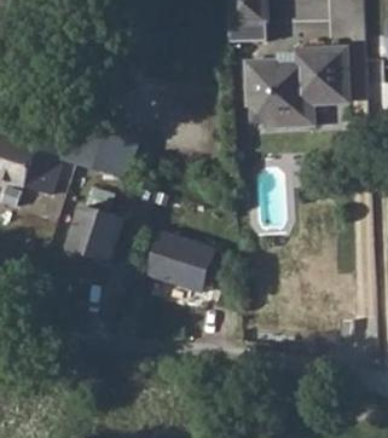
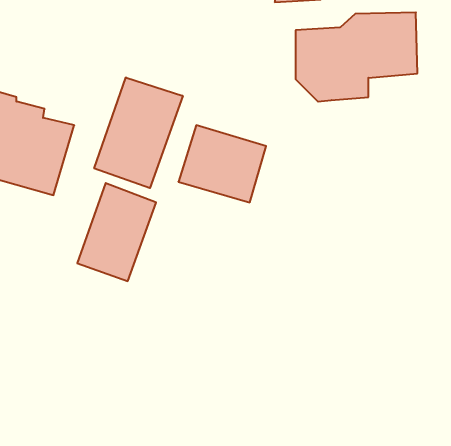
building: none -> [94,77,183,188]
building: [149,230,220,293] -> [178,125,266,202]

